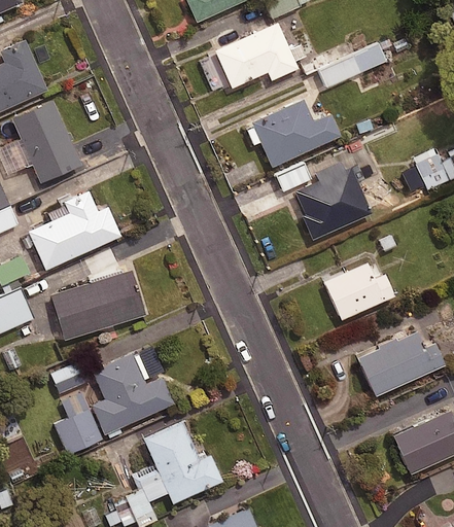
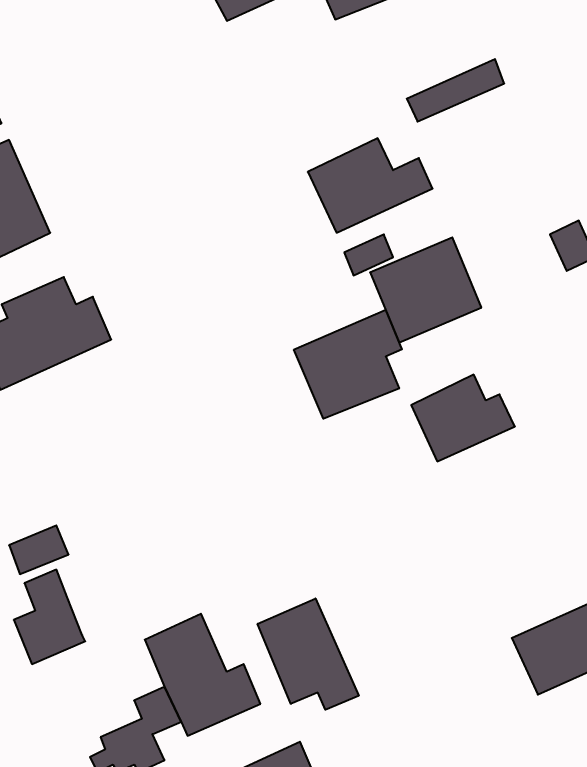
building: [217,25,294,93] -> none
building: none -> [294,310,402,419]
building: [51,272,144,341] -> none
building: [356,329,436,395] -> none
building: [91,354,173,435] -> none
building: none -> [258,598,359,710]

